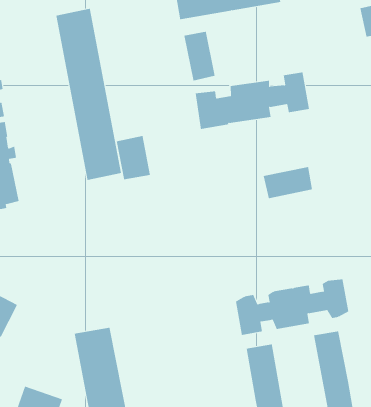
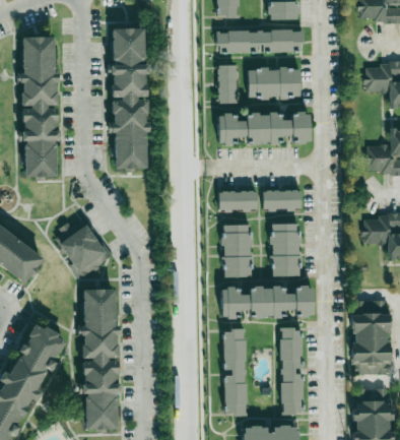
building: none -> [248,68,299,99]
building: [116,135,150,180] -> none
building: none -> [218,191,257,211]
building: none -> [270,224,301,276]
building: none -> [222,225,252,277]
building: none -> [59,225,108,274]

